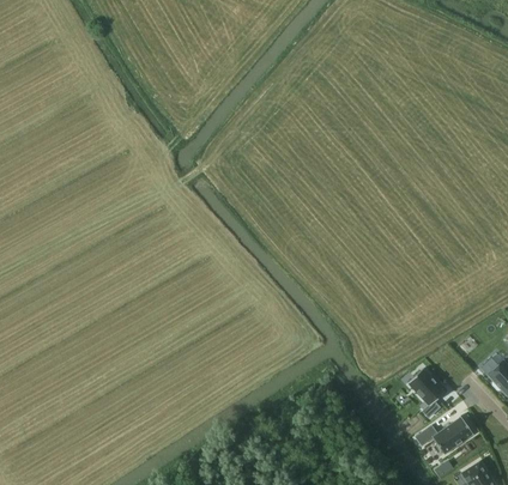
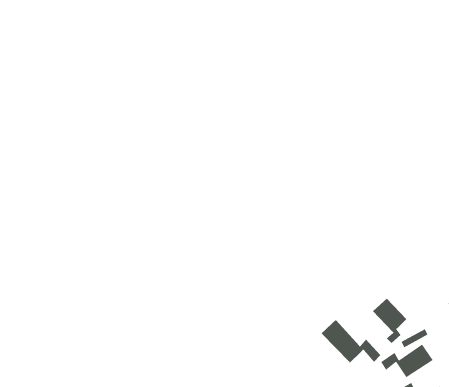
building: none -> [320,319,381,365]

